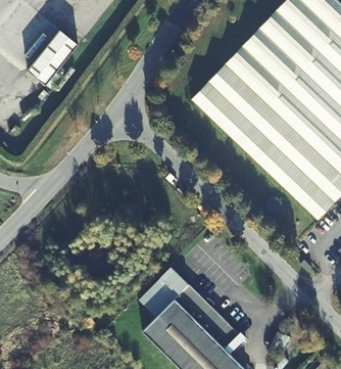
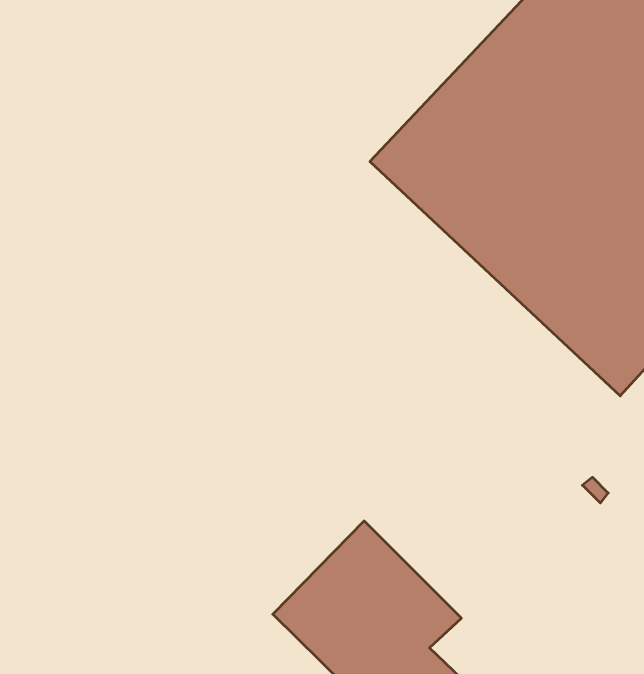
building: [21,25,71,82] -> none
building: [140,277,178,316] -> none

